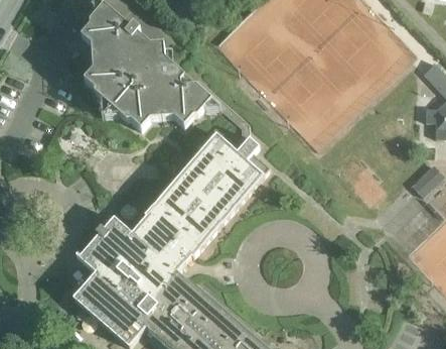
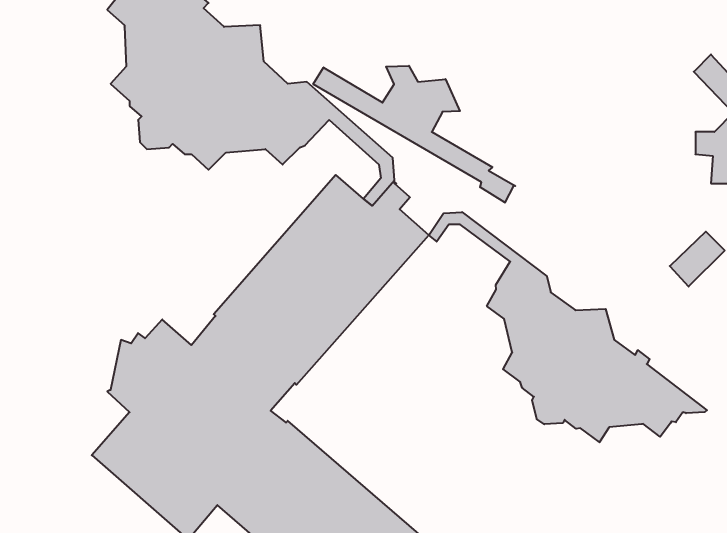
building: none -> [313,66,515,203]
building: none -> [429,212,707,442]

